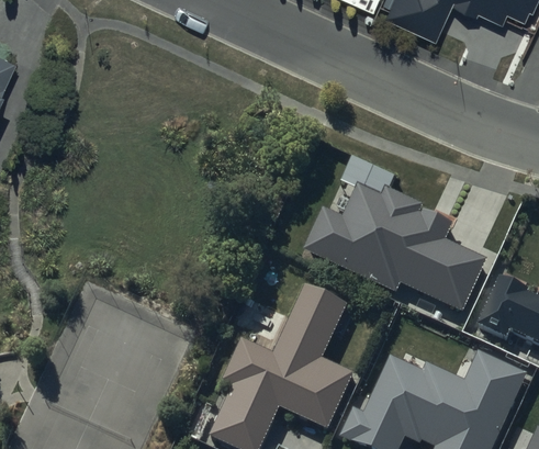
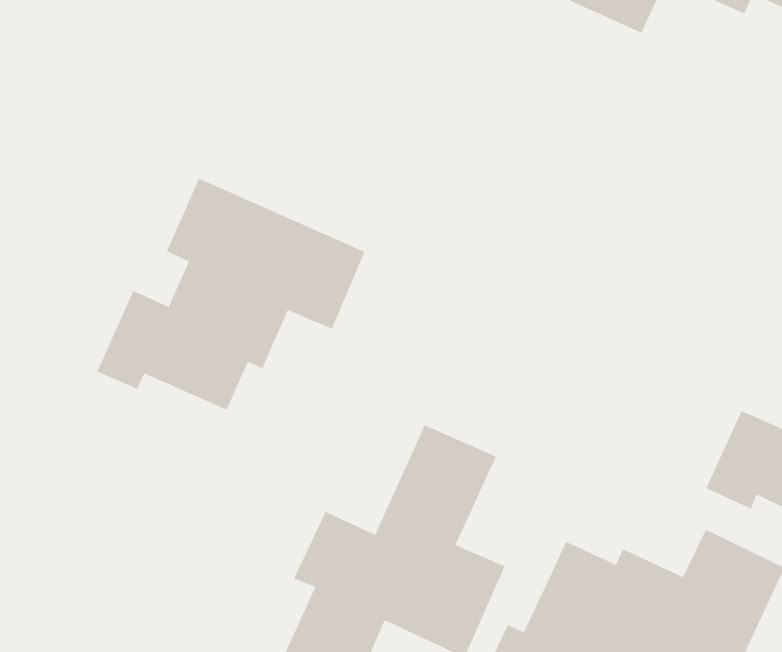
building: none -> [97,178,365,410]
building: [303,182,486,310] -> none

